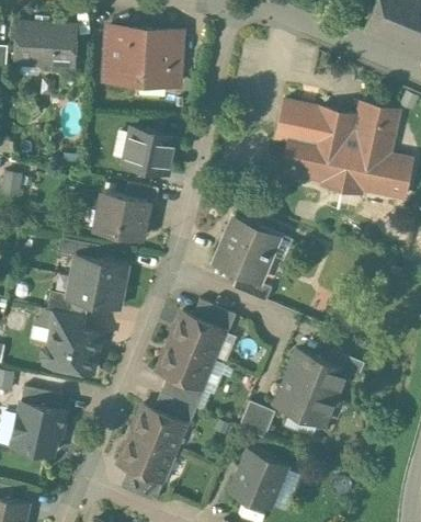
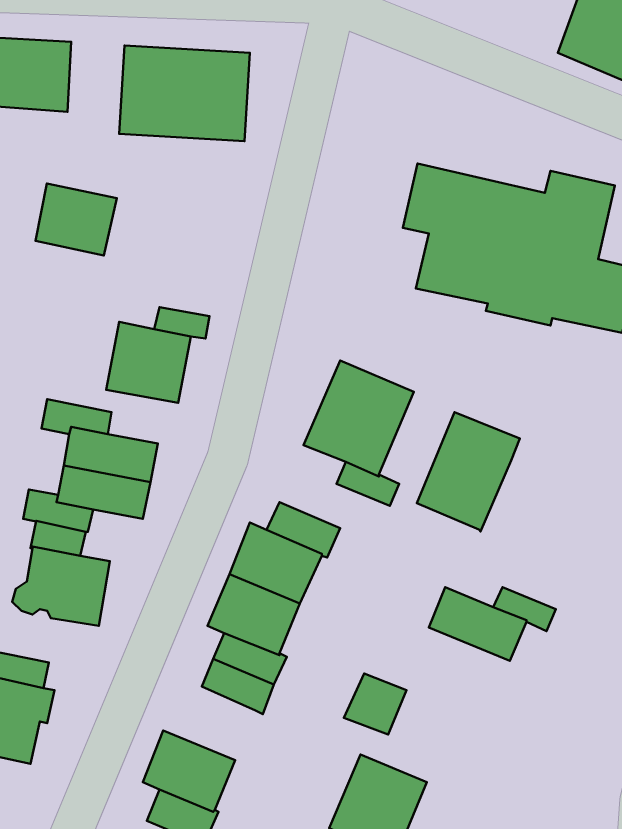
building: [126,131,174,173] -> [36,184,117,255]
building: none -> [417,412,520,531]
building: [274,375,337,428] -> none
building: [130,406,185,454] -> none

